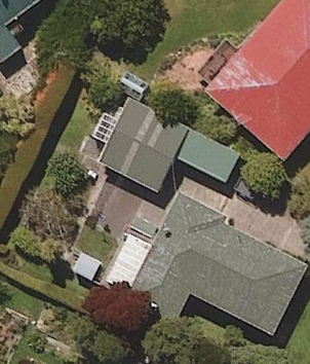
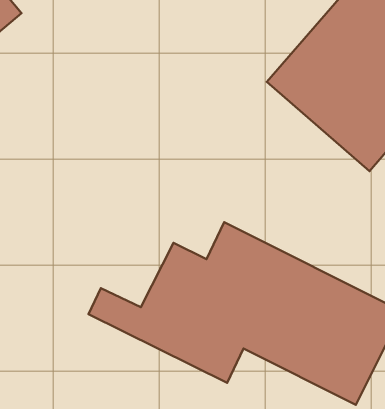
building: [99,101,238,192] -> none

